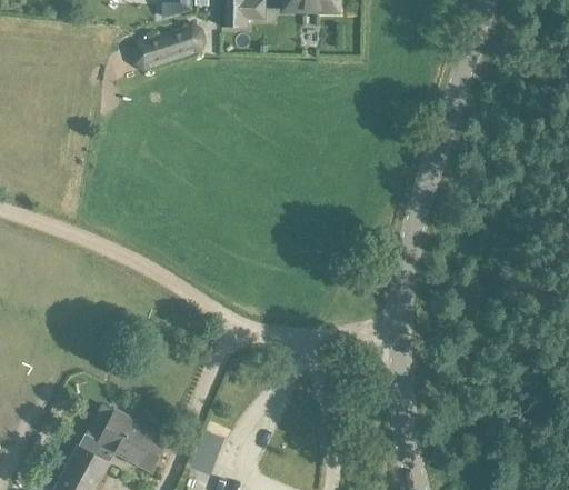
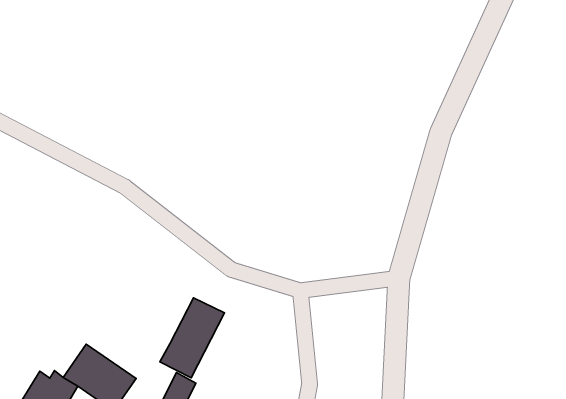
building: none -> [160,298,224,378]

